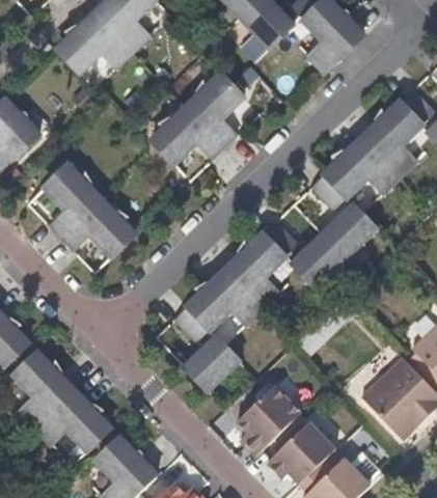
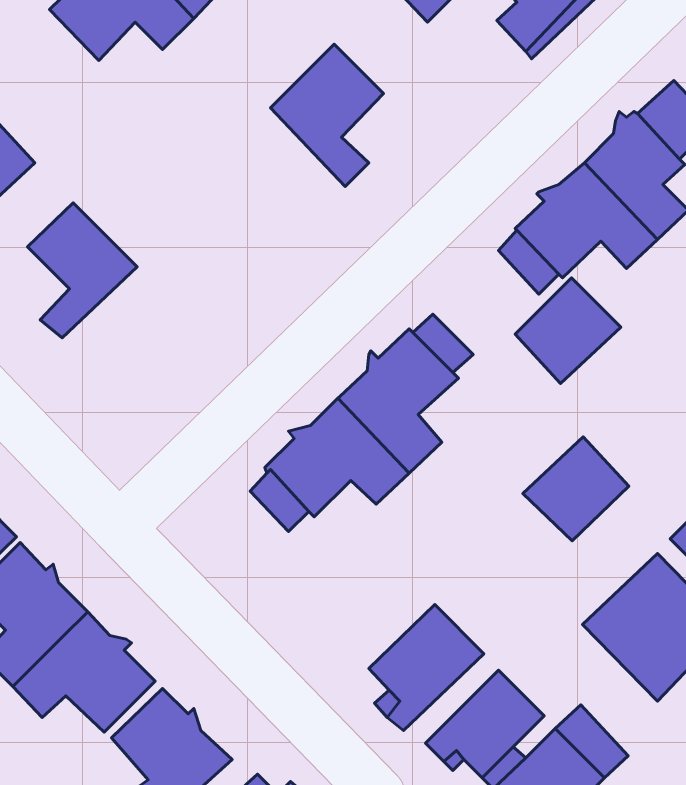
building: [143,104,223,169] -> none
building: [62,194,140,256] -> none
building: [285,232,346,292] -> [523,437,629,541]
building: [177,335,240,397] -> none

